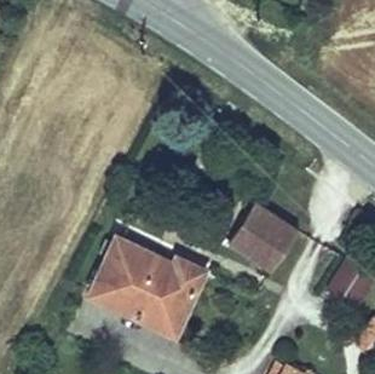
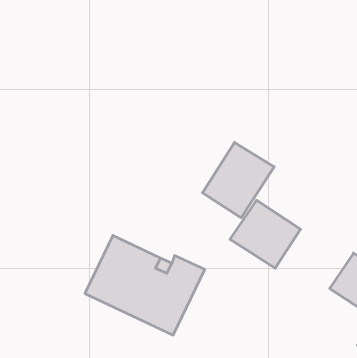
building: none -> [202,142,274,218]

